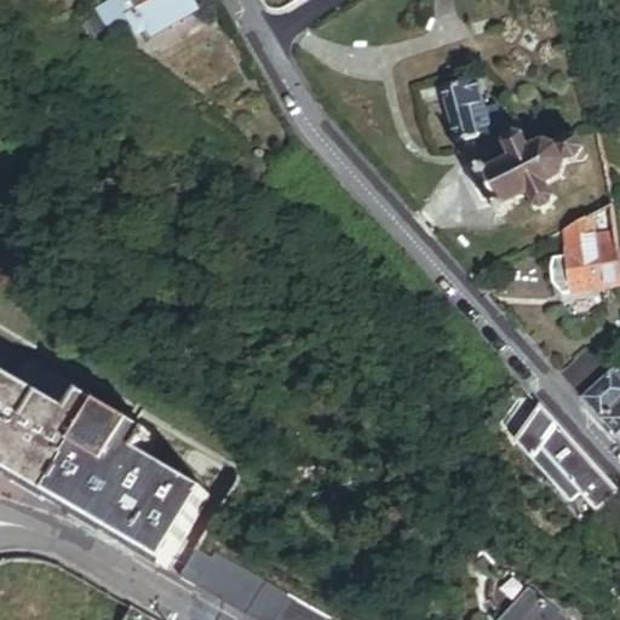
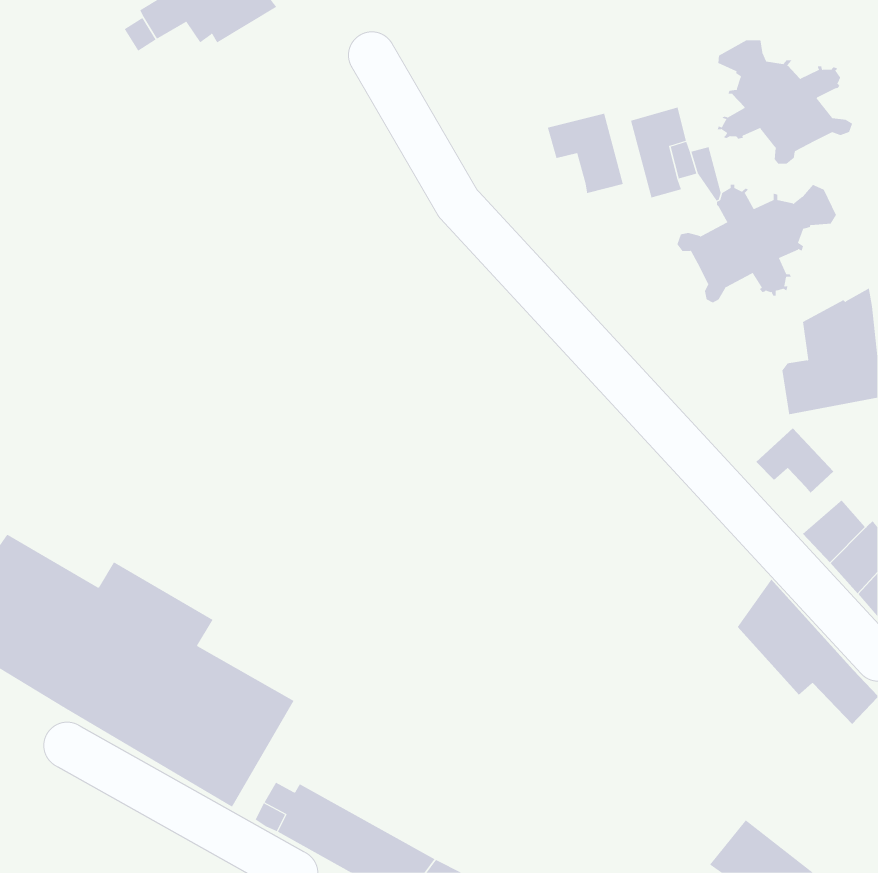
building: none -> [717,40,853,165]
building: none -> [547,113,624,194]
building: none -> [756,428,834,494]

